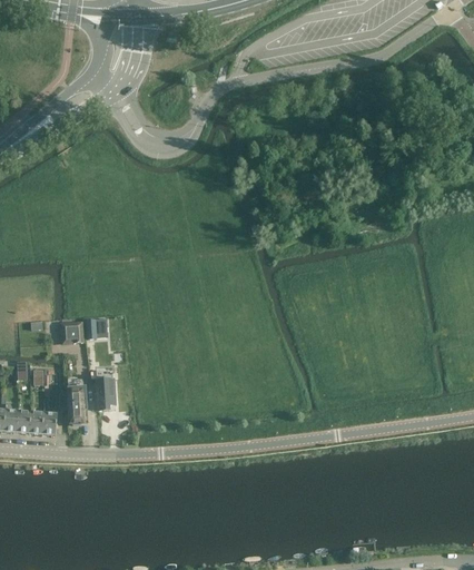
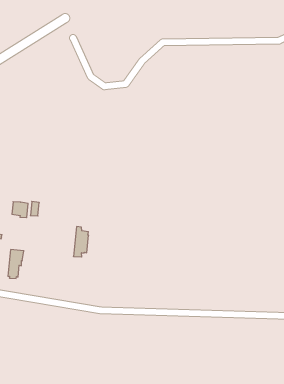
building: [96,370,115,410] -> [73,227,89,257]

